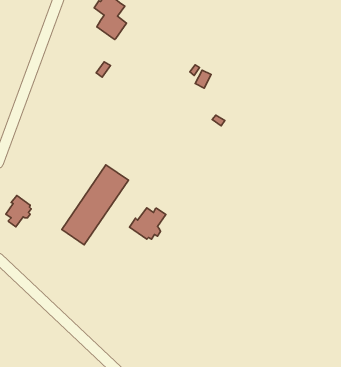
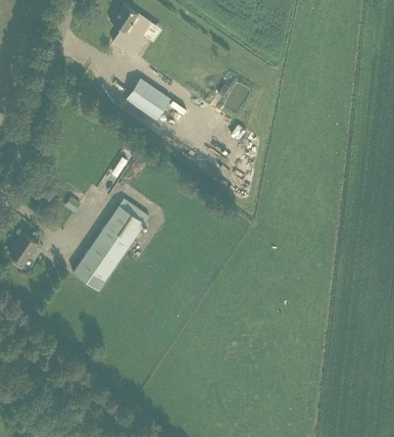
building: none -> [126,79,170,120]
building: [129,208,166,239] -> none

